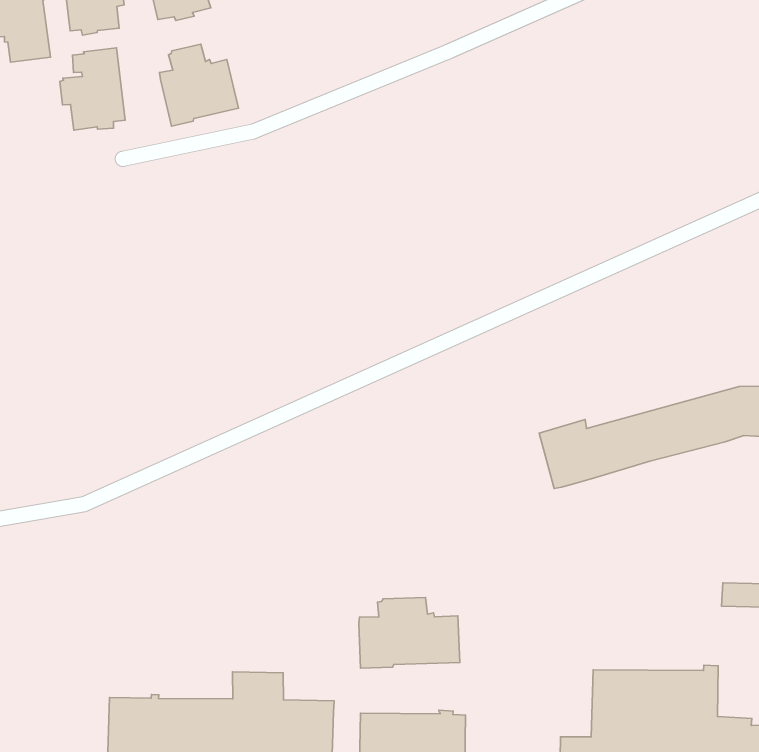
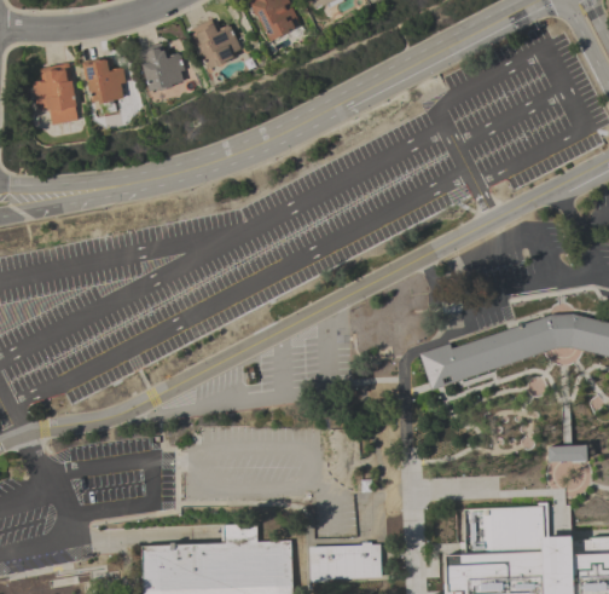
building: [160,44,239,126] -> none
building: [60,48,125,130] -> none
building: [359,598,460,668] -> none

